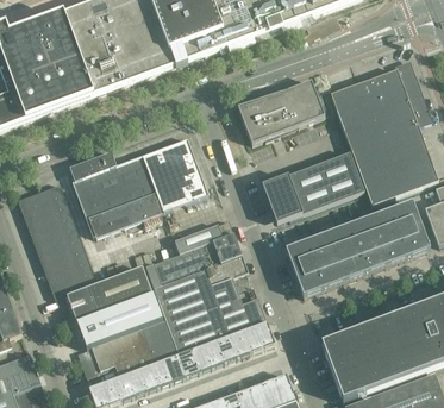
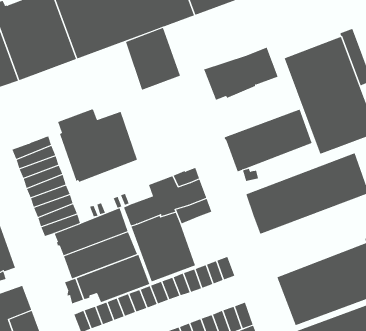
building: [143,138,207,211] -> [125,27,181,90]
building: [212,276,265,332] -> none

